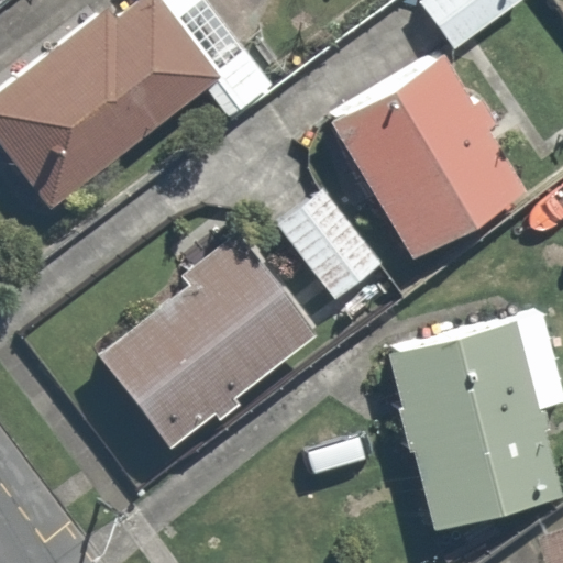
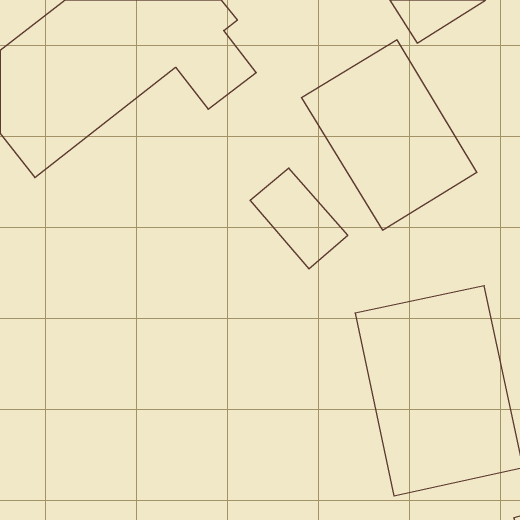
building: [99,236,317,452] -> none

